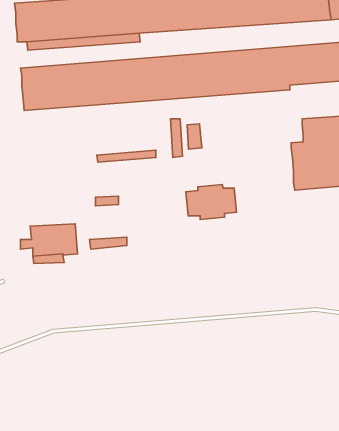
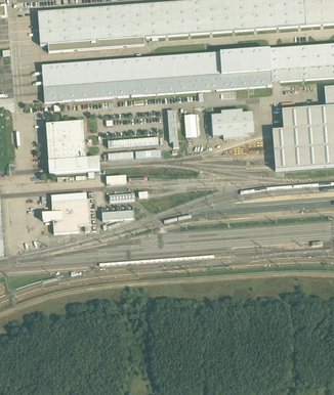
building: none -> [45,120,98,171]
building: [186,184,237,219] -> [210,107,253,137]

